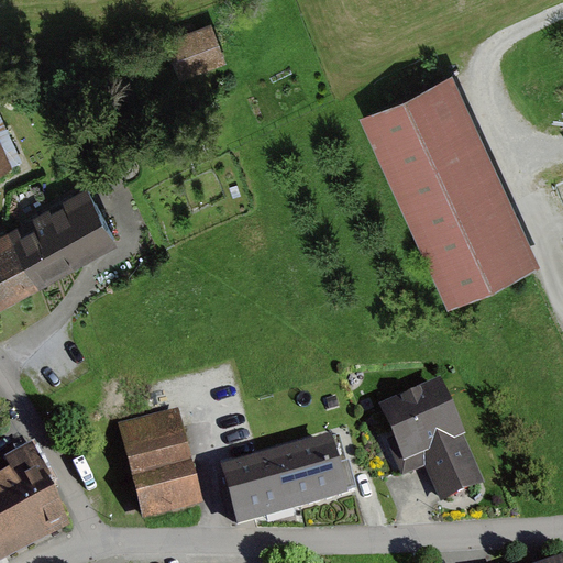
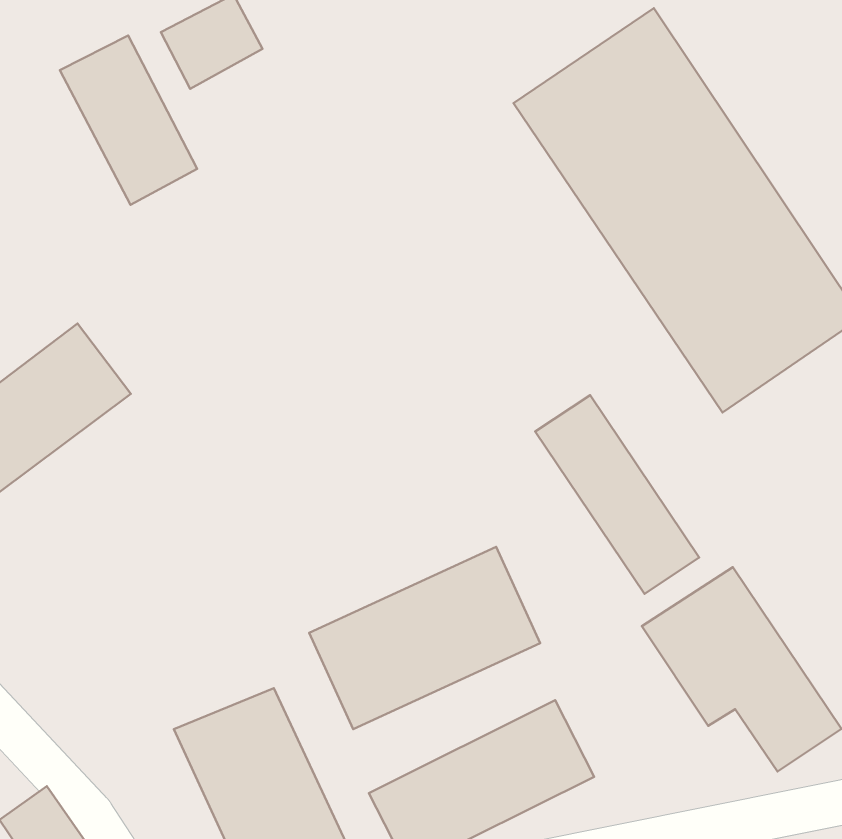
building: none -> [60,35,197,205]
building: none -> [535,395,699,594]
building: none -> [309,547,540,729]

